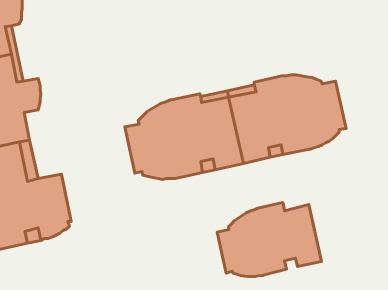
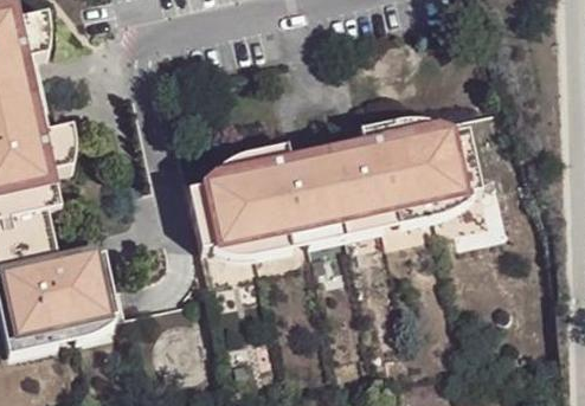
building: [217,202,321,276] -> none

